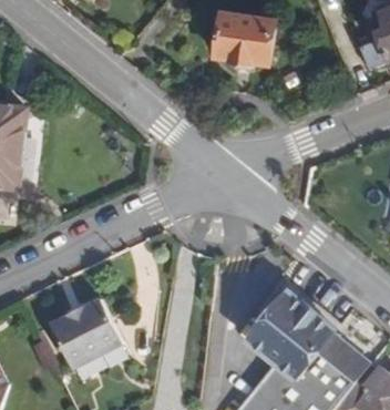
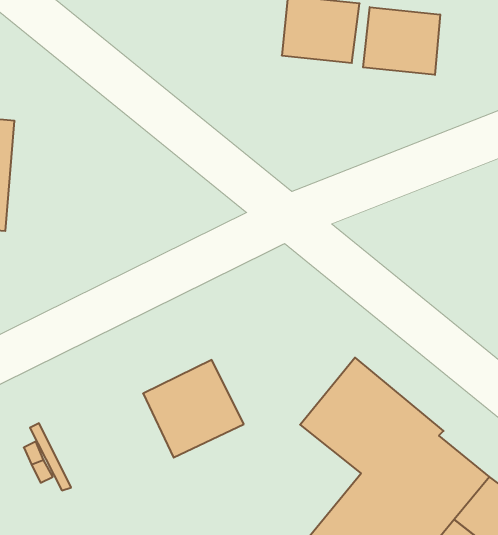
building: none -> [363,7,440,75]
building: [50,297,123,368] -> [143,360,244,458]

